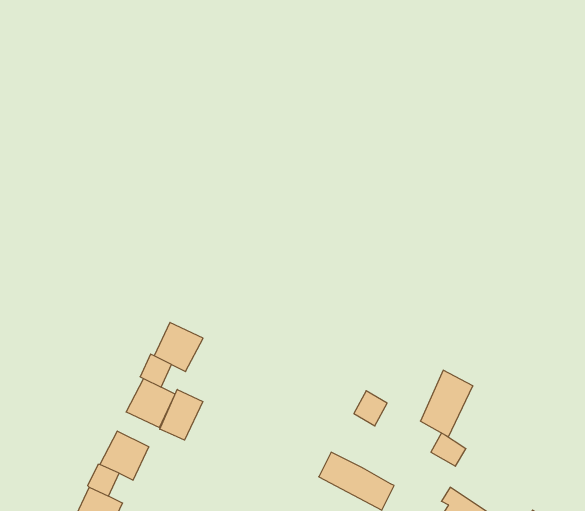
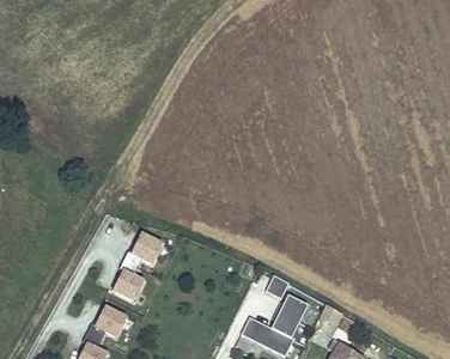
building: [420,370,473,437] -> [273,293,309,339]
building: [160,389,203,440] -> none

